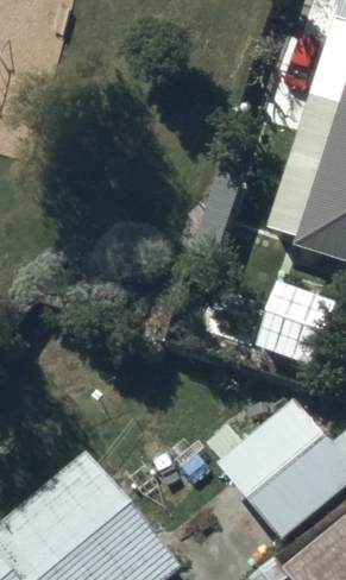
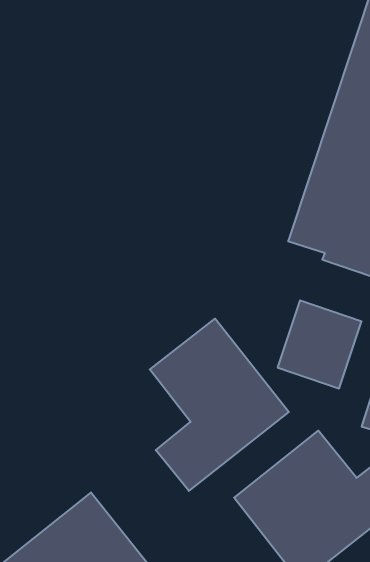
building: none -> [150,319,289,491]

